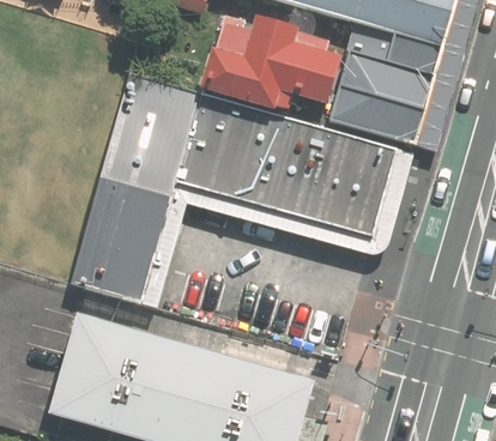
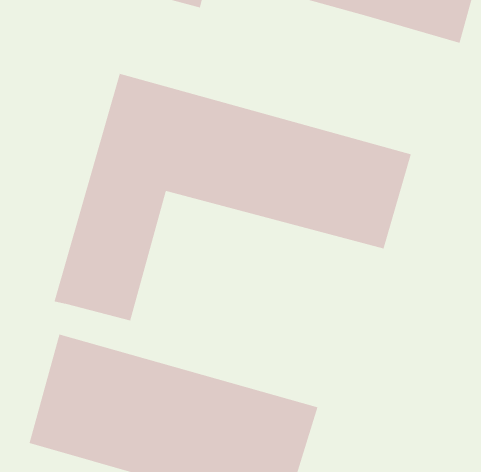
building: [199,17,340,108] -> none
building: [329,23,442,146] -> none

